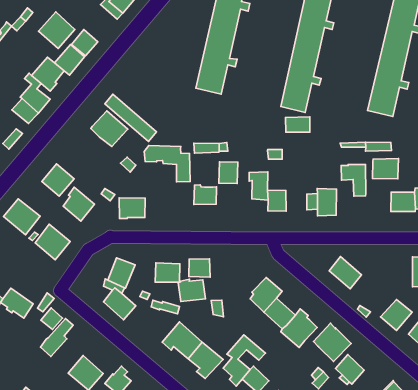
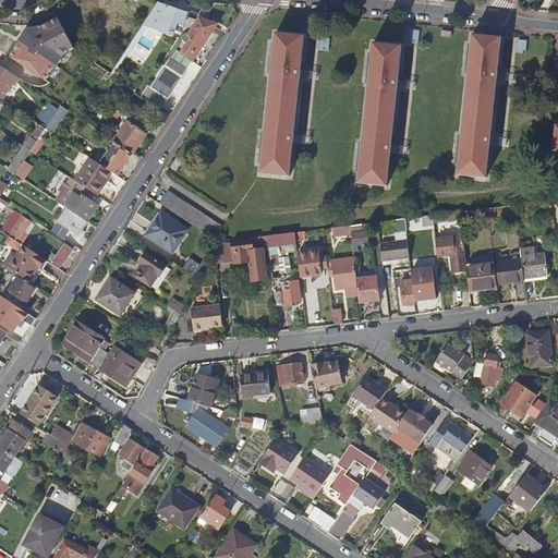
building: [38,12,75,49] -> none
building: [286,117,310,132] -> [378,239,408,259]
building: [373,158,398,179] -> [465,263,496,289]
building: [63,187,94,221] -> [136,251,171,288]
building: none -> [475,352,509,384]
building: [178,279,205,301] -> [308,359,341,386]

